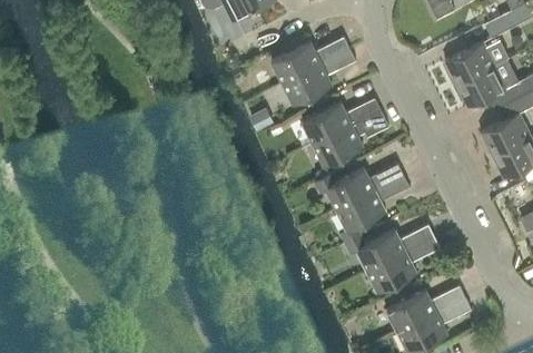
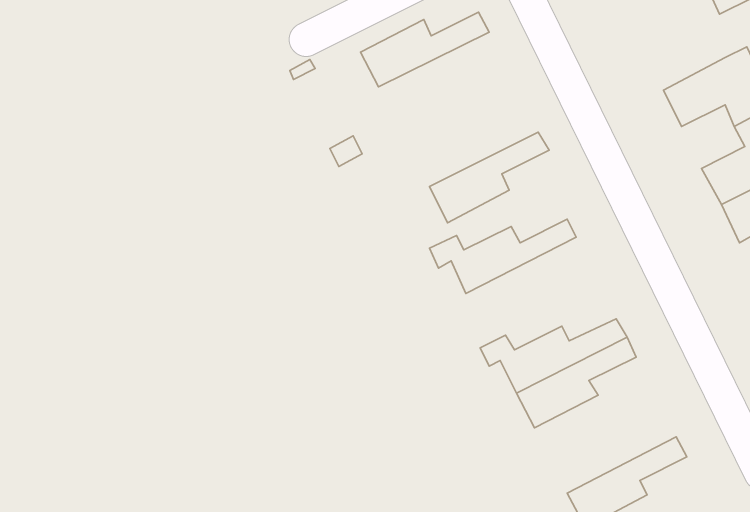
building: [445,41,495,85] -> none
building: [283,49,356,105] -> none
building: [303,98,381,144] -> none
building: [336,175,409,243] -> none
building: [387,286,465,332] -> none

